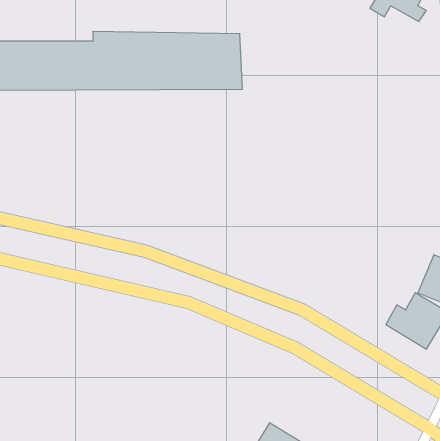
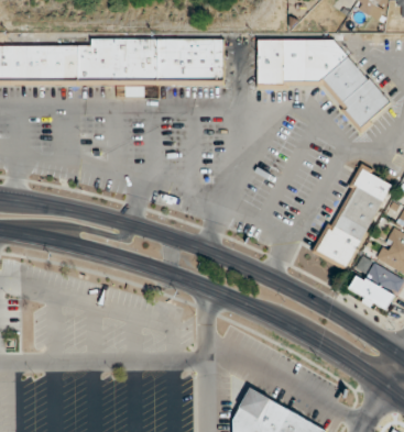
building: none -> [253,32,385,120]
building: none -> [313,163,387,262]

